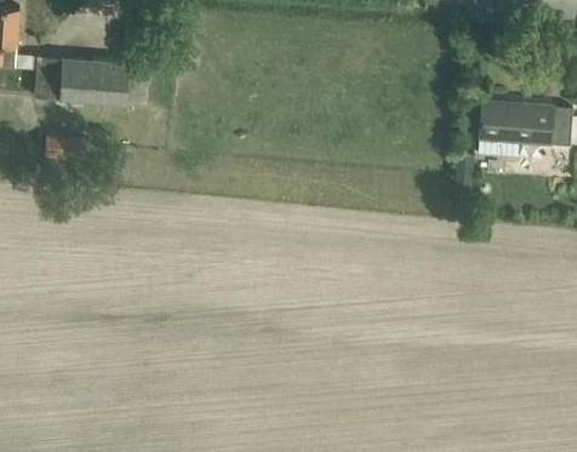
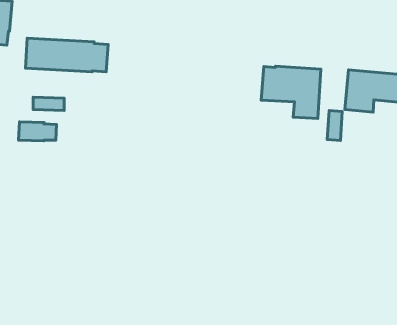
building: none -> [261,66,321,118]
building: none -> [19,122,56,141]

